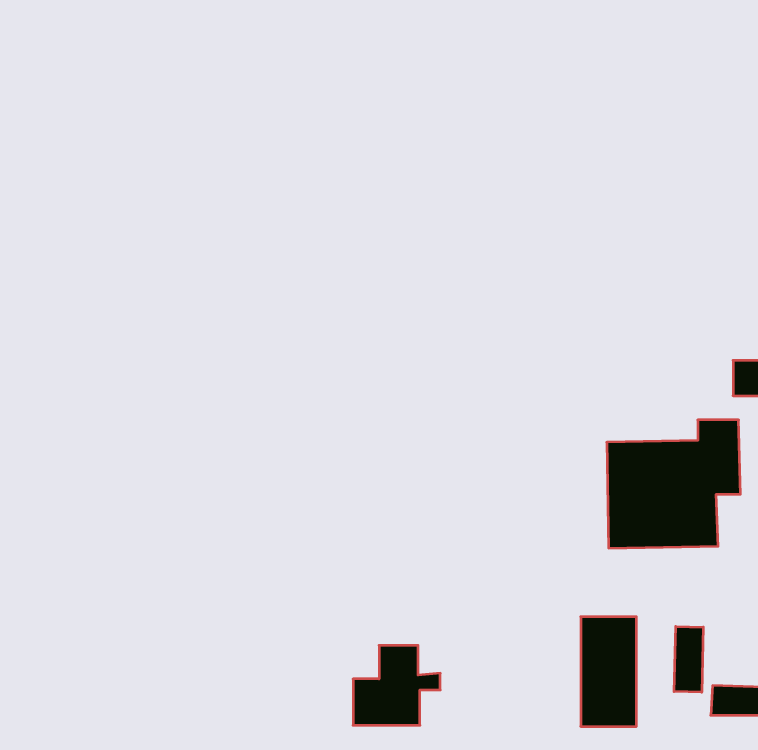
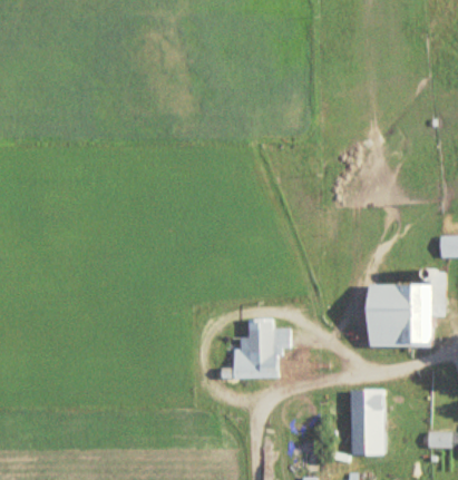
building: [674,626,703,692] -> none
building: [353,645,440,725] -> [233,327,285,375]

